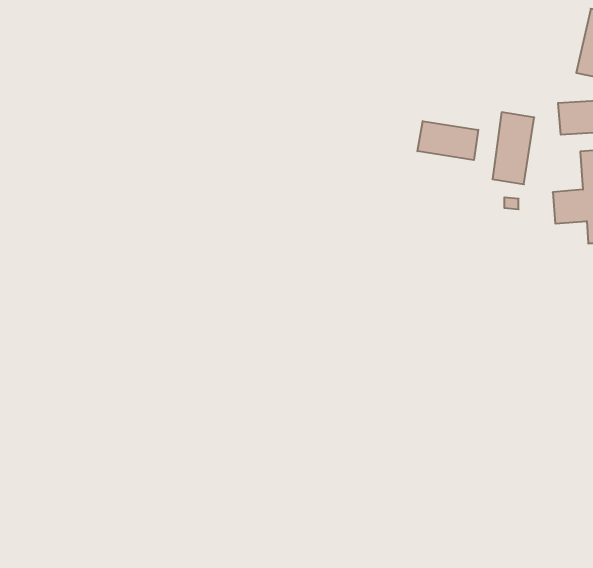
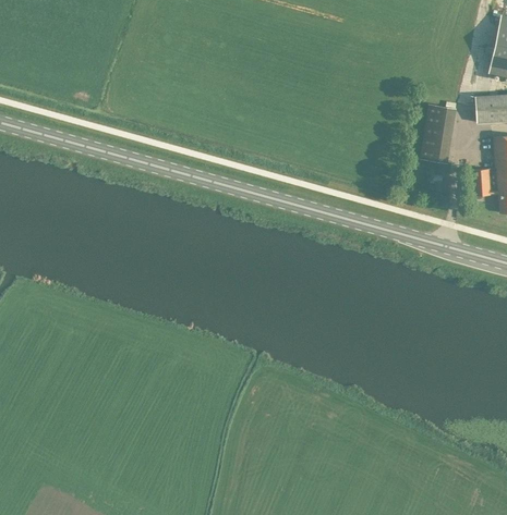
building: [417,121,478,160] -> none

